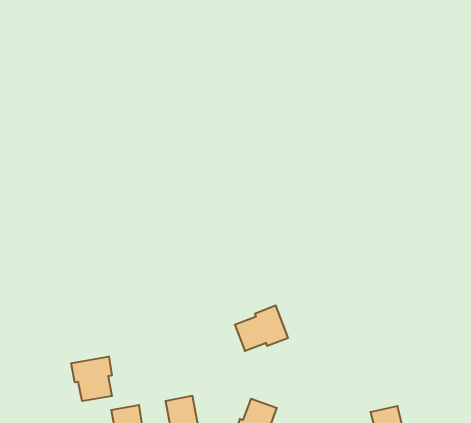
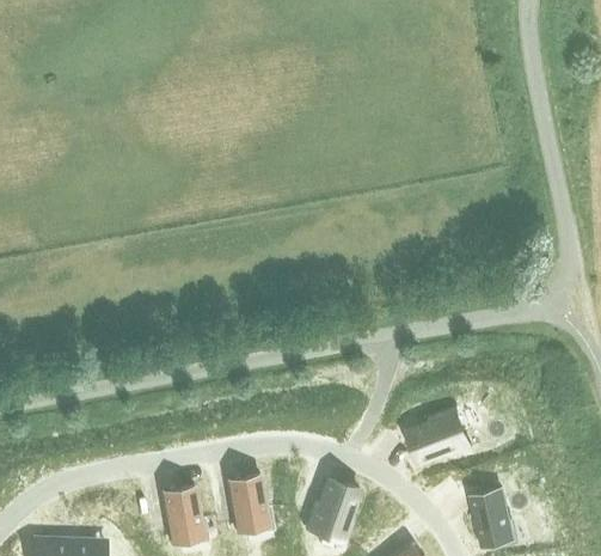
building: [235,306,288,351] -> [407,408,471,462]
building: [71,356,112,401] -> none

